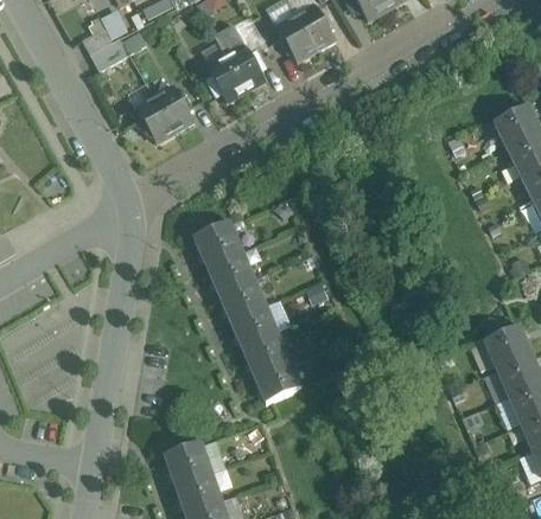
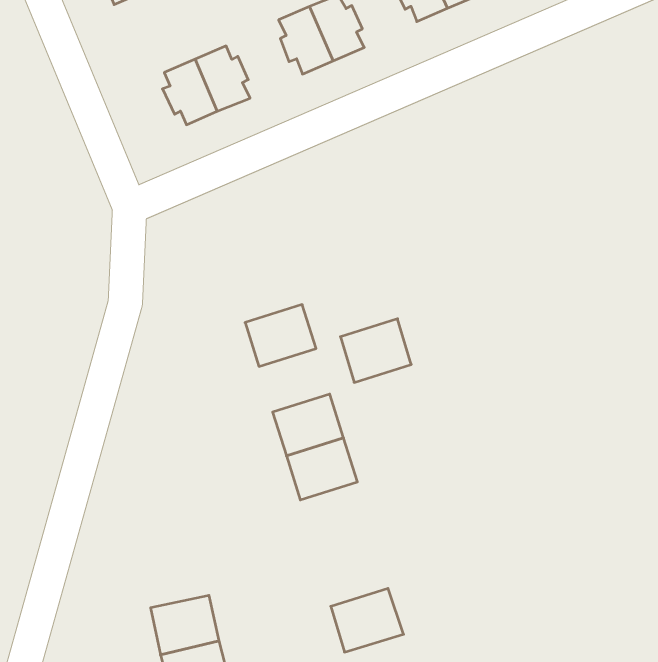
building: [195,222,242,264] -> none
building: [218,276,266,320] -> [340,319,411,382]
building: [254,359,303,403] -> [331,588,404,652]

